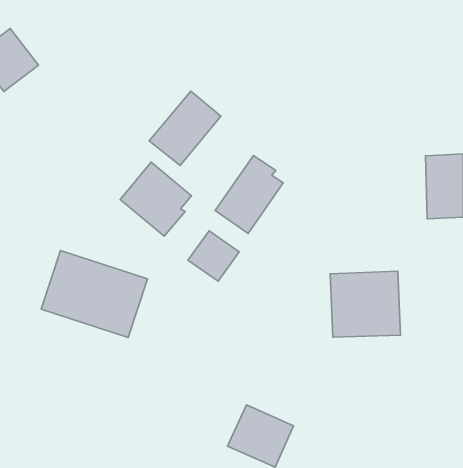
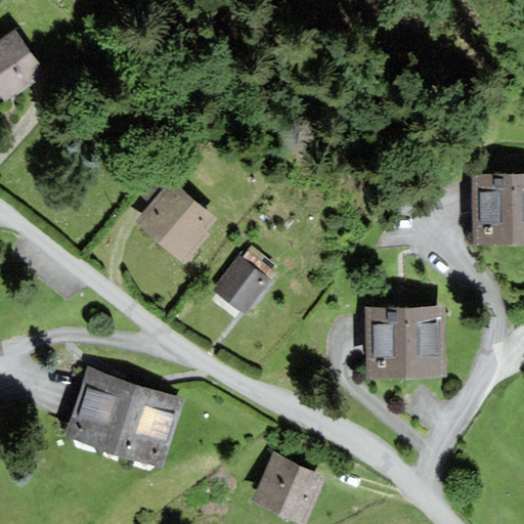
building: [149,91,221,165] -> none
building: [215,155,283,234] -> none
building: [41,251,147,338] -> [64,368,183,466]

